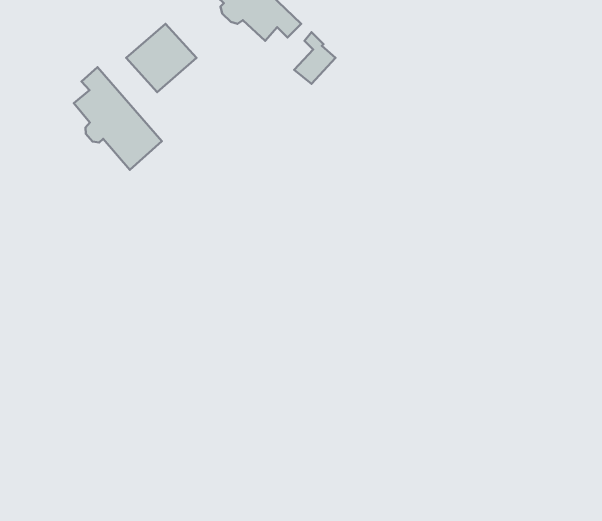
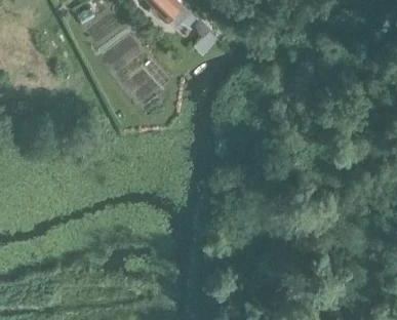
building: [74,67,162,170] -> none

